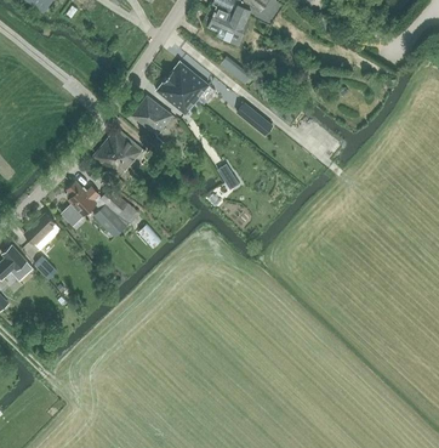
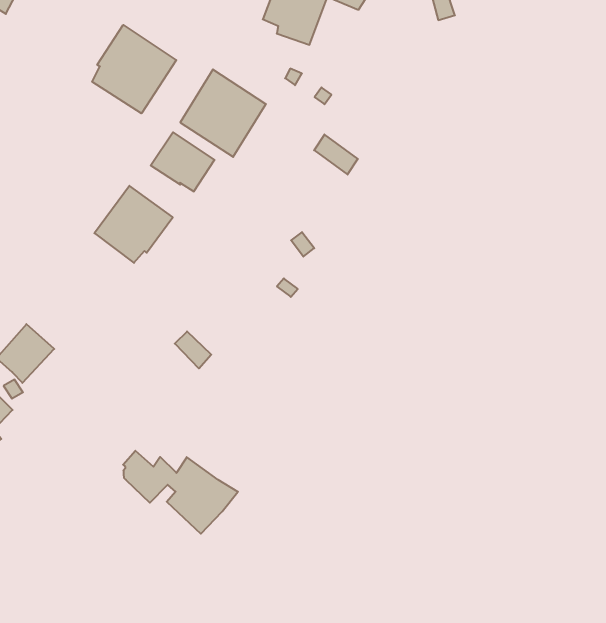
building: none -> [92,25,176,113]
building: [67,181,139,237] -> [123,451,238,534]

